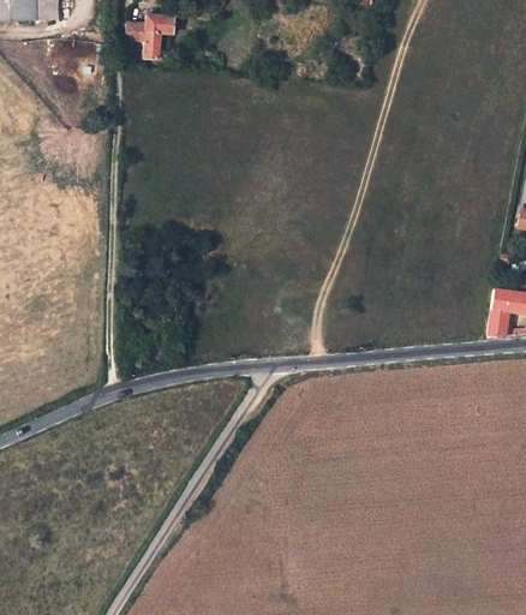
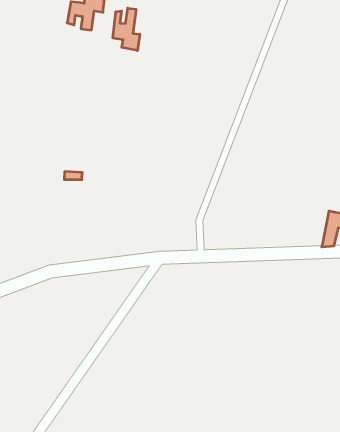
building: none -> [113,8,140,51]

